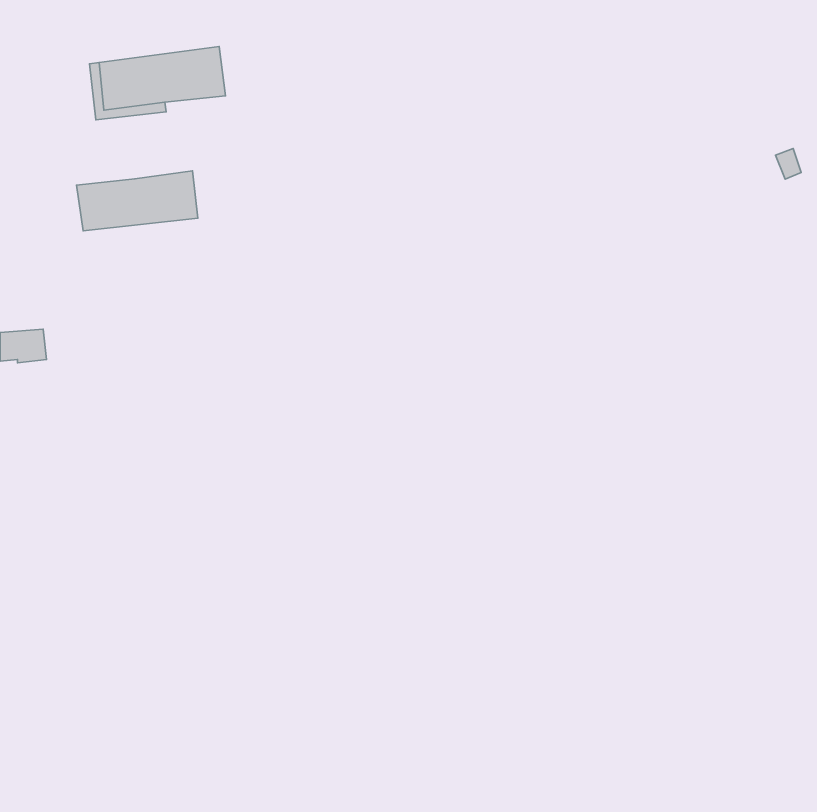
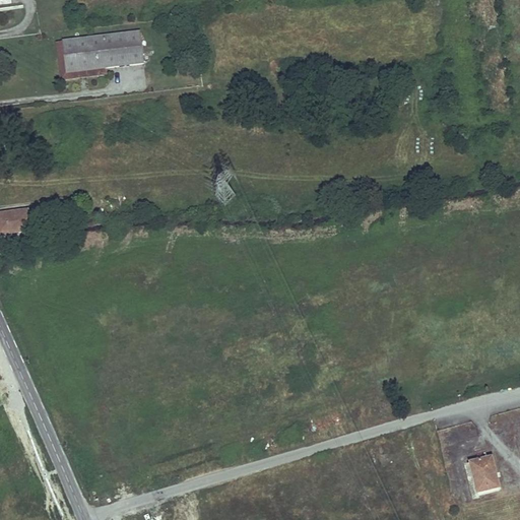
building: [77,171,198,231] -> none
building: none -> [469,455,499,491]

